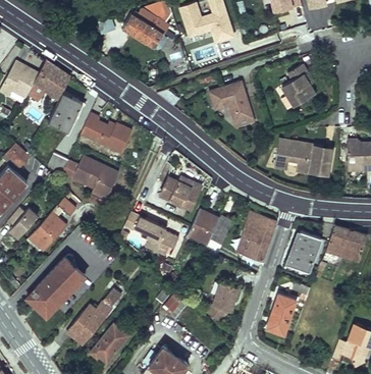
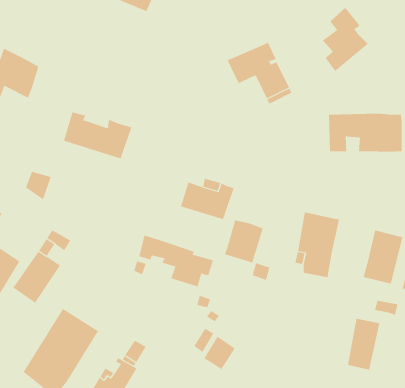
building: [49,93,83,132] -> none
building: [72,156,118,202] -> none
building: [205,282,238,324] -> none

